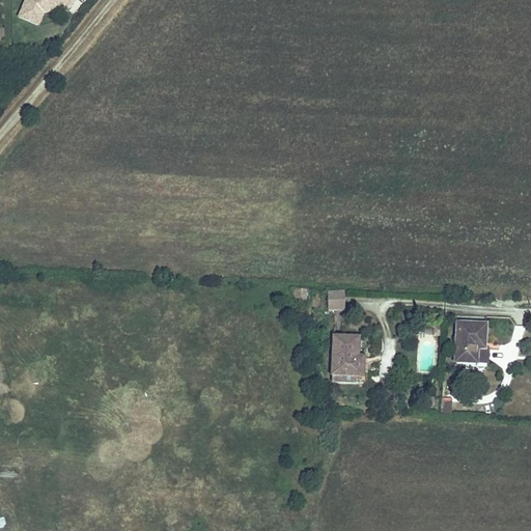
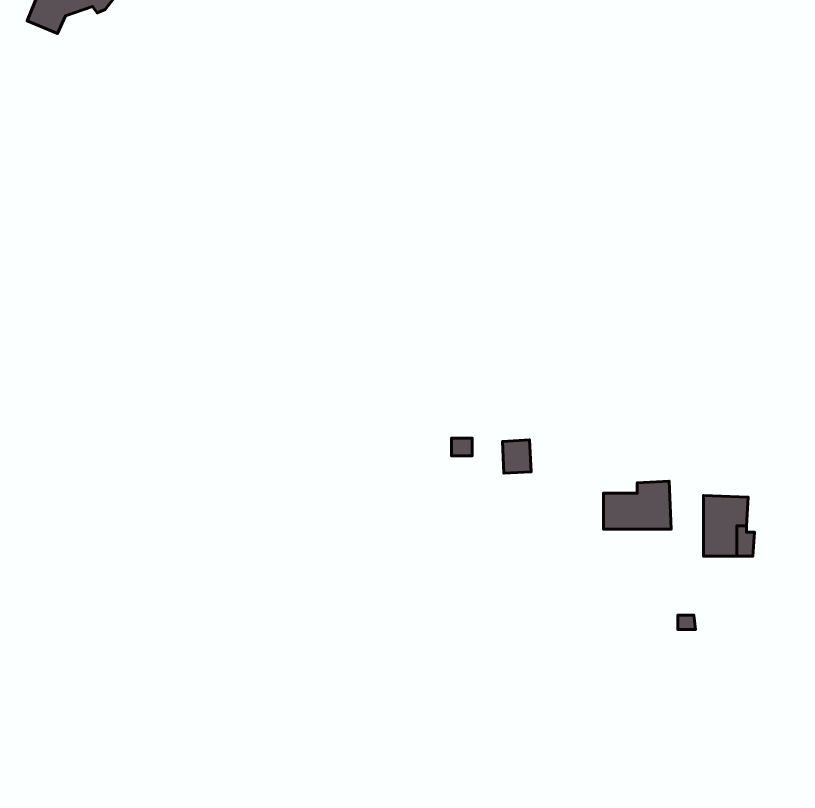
building: none -> [603,481,671,529]
building: [330,336,360,372] -> none

